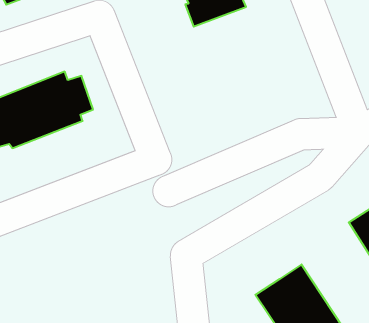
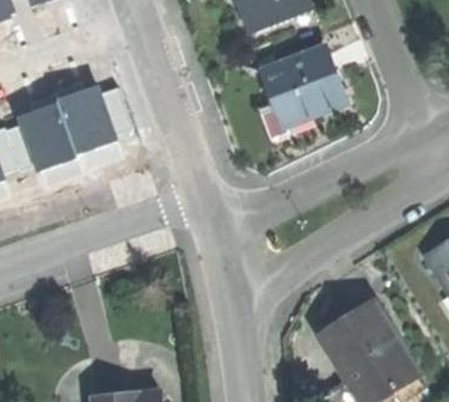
building: none -> [266,55,337,127]

